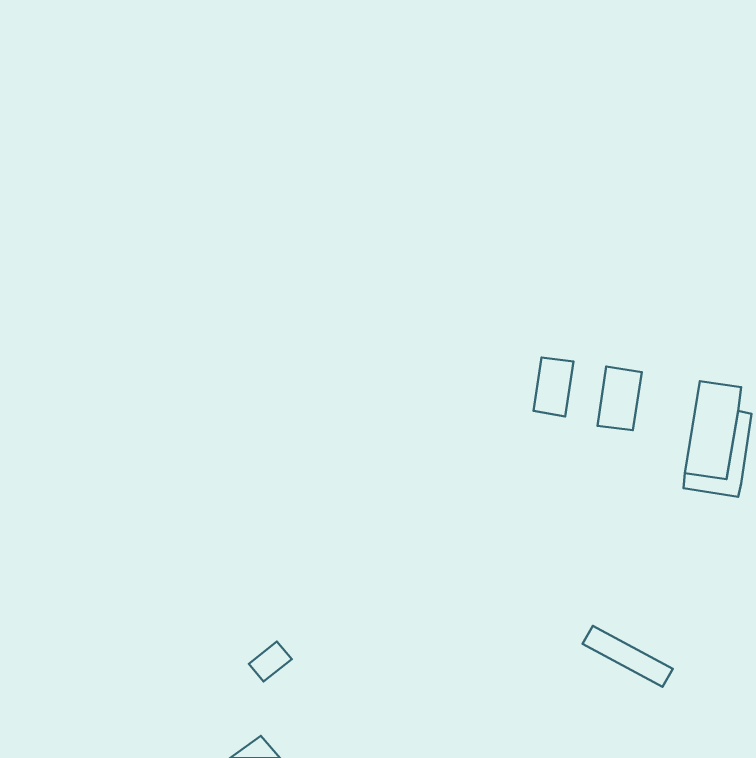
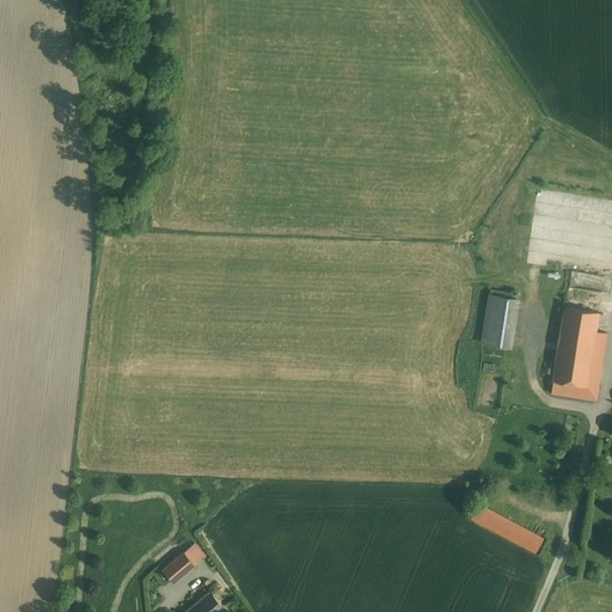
building: [534,357,574,416] -> none
building: [249,641,292,682] -> [160,552,195,585]

